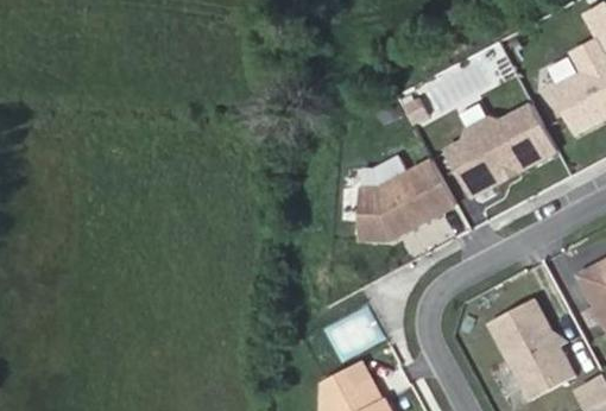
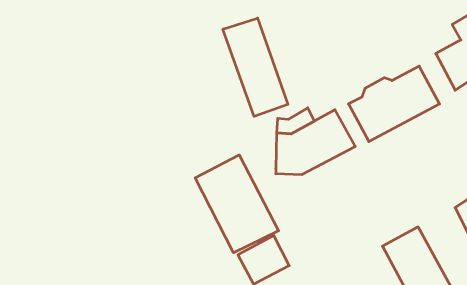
building: none -> [223,18,288,116]
building: none -> [195,155,279,253]

